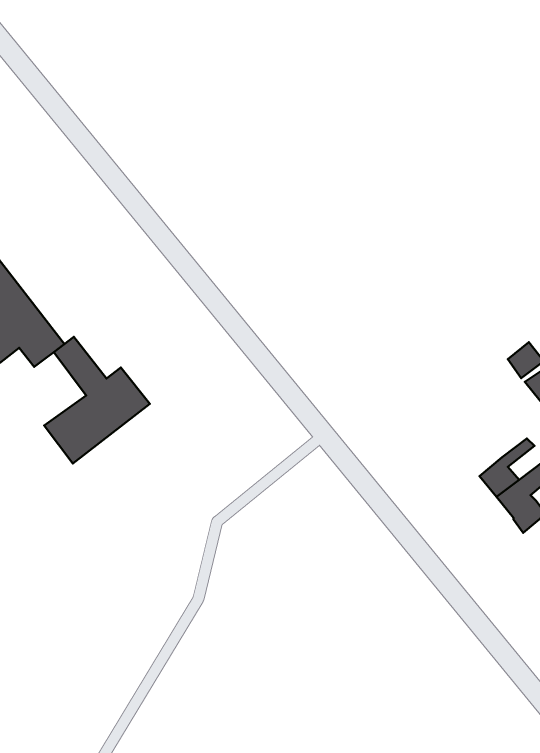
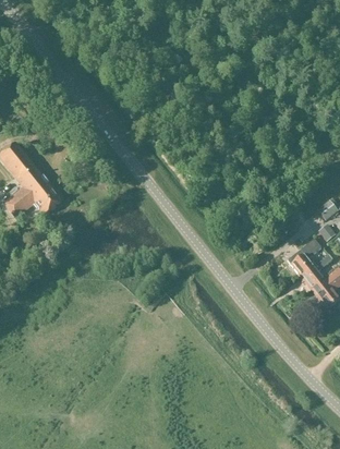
building: [44,337,150,463] -> none
building: none -> [287,239,320,277]

